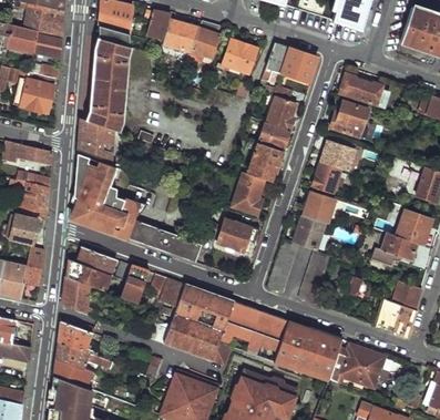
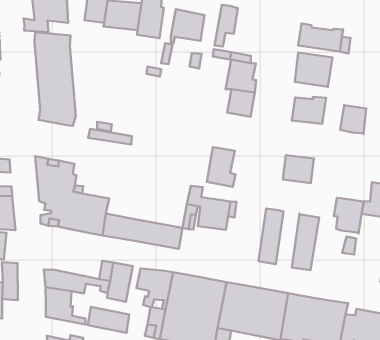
building: [282,48,318,81] -> none
building: [78,117,114,162] -> none
building: [248,140,284,182] -> none
building: [313,163,340,193] -> [340,105,366,134]
building: [295,213,325,249] -> [334,198,364,233]
building: [78,245,117,275] -> [88,307,129,333]

